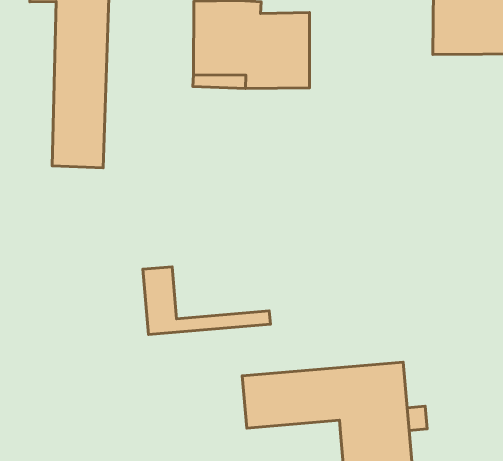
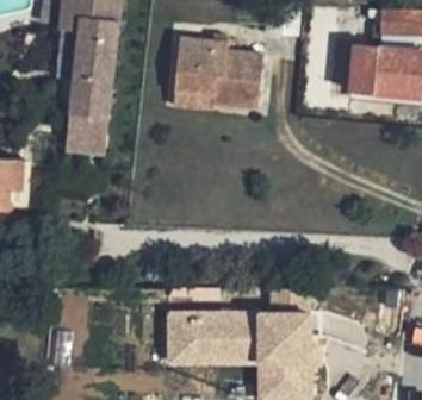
building: [143,267,270,334] -> [169,313,259,361]

